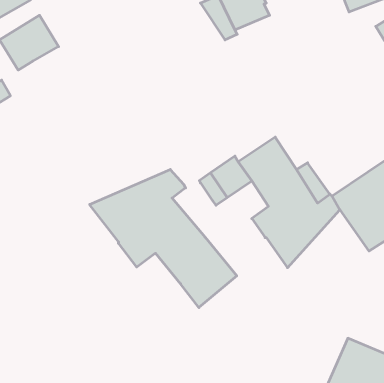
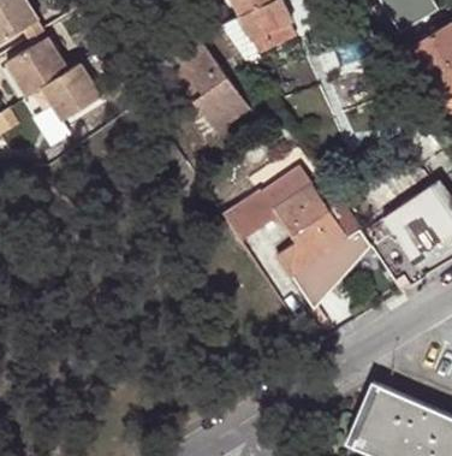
building: none -> [174,29,251,128]
building: none -> [41,63,100,120]
building: [90,169,237,308] -> none

